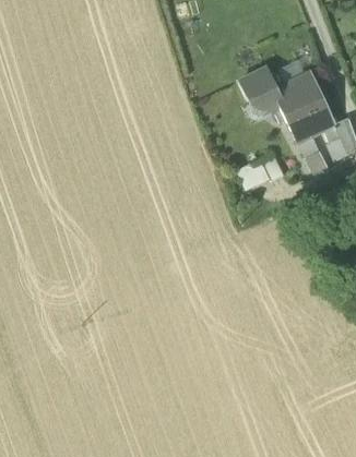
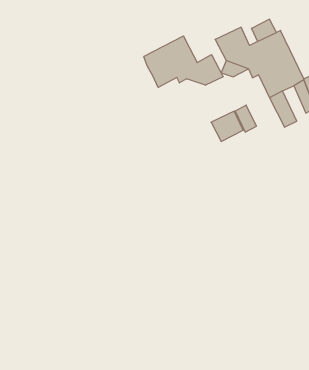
building: none -> [144,36,223,87]

